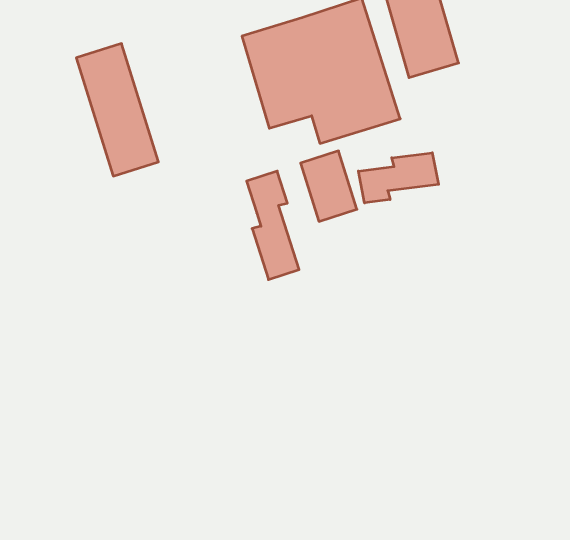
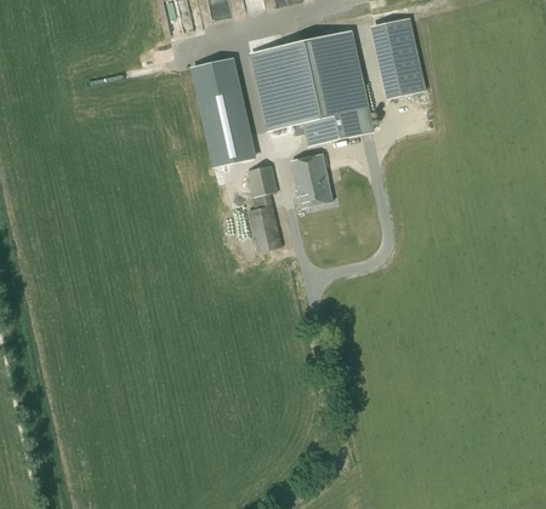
building: [76,44,158,176] -> [193,58,252,165]
building: [358,153,439,203] -> none

